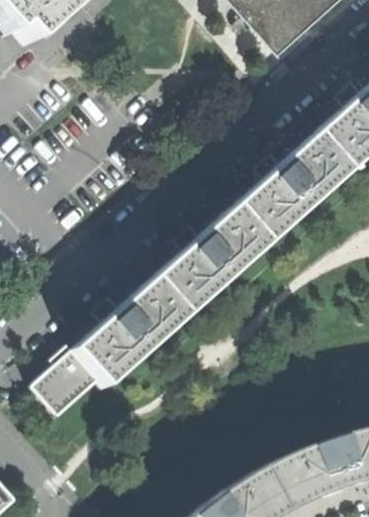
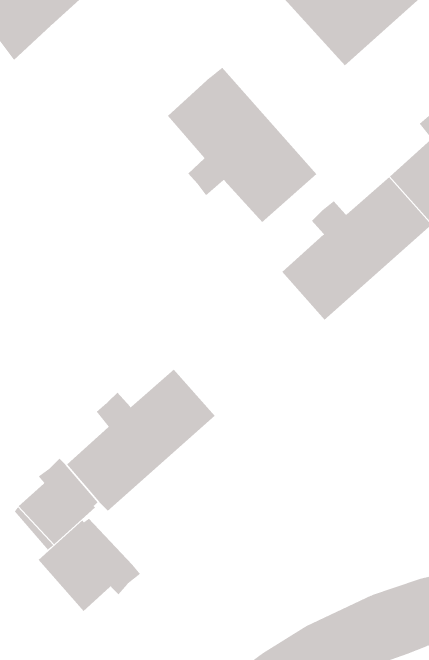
building: none -> [167,67,317,223]
building: [159,205,272,313] -> none
building: none -> [38,518,141,612]

